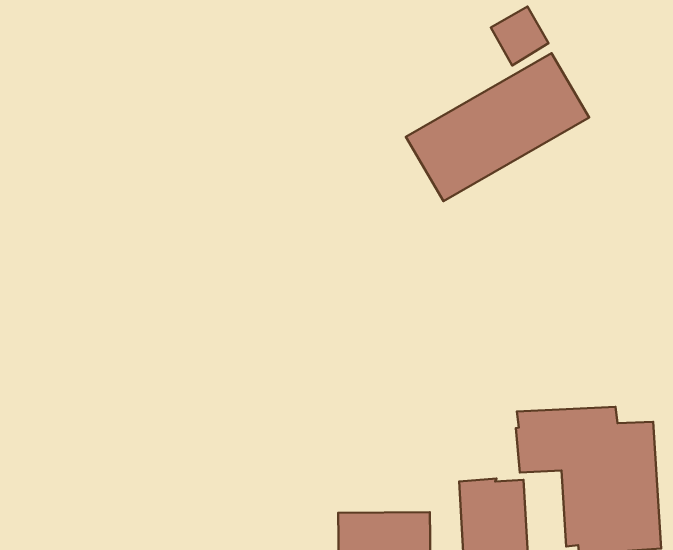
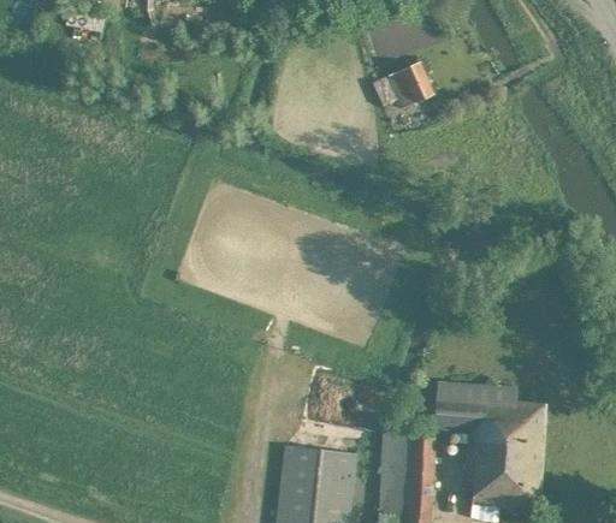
building: [491,7,549,66] -> [389,61,433,107]
building: [406,53,589,201] -> none

